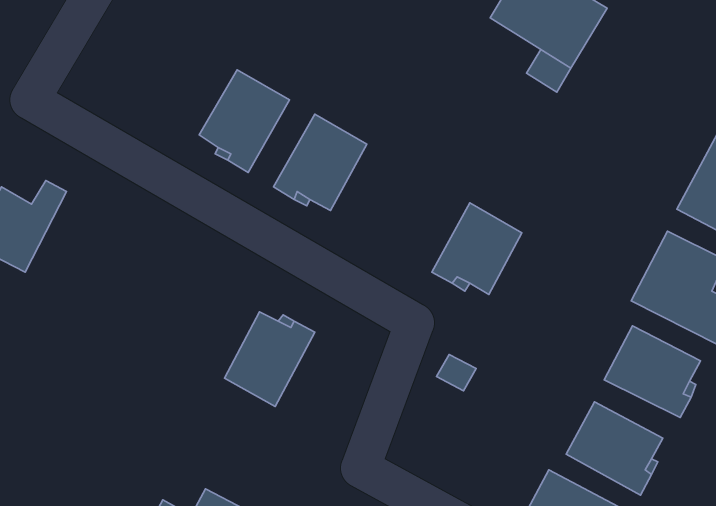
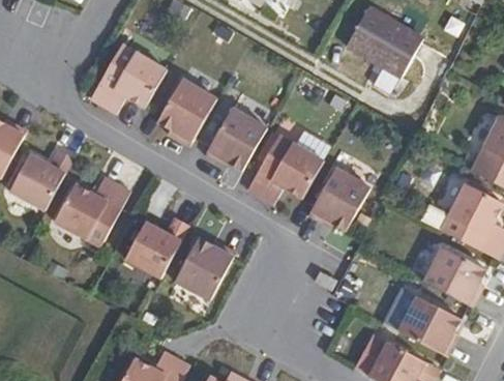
building: none -> [91,43,168,113]
building: none -> [249,134,325,203]
building: none -> [54,177,130,247]
building: none -> [125,217,189,279]

